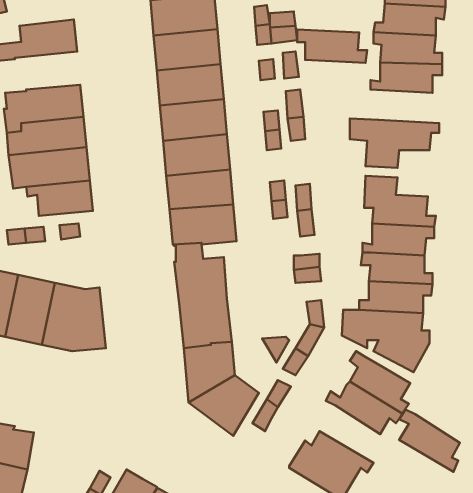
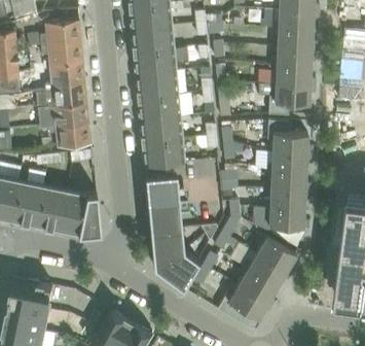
building: [297,29,367,63] -> [270,65,316,86]
building: none -> [41,40,83,65]
building: [399,409,460,472] -> [238,266,277,306]

